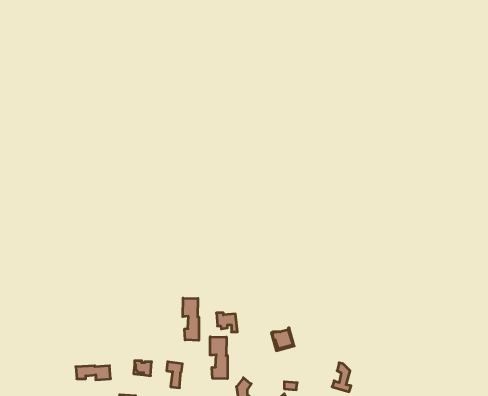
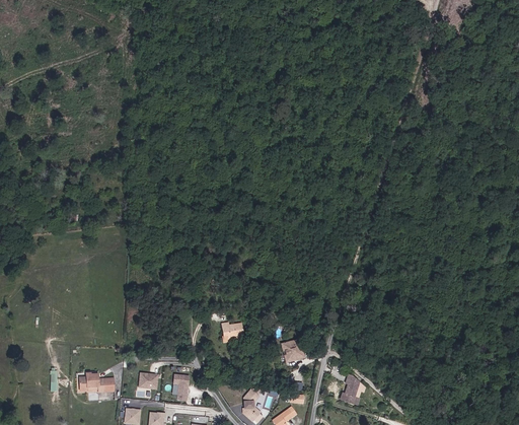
building: [183,298,199,340] -> none
building: [210,337,227,379] -> none

